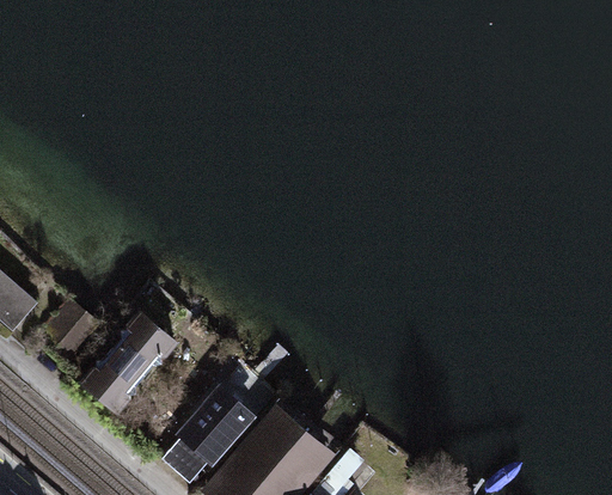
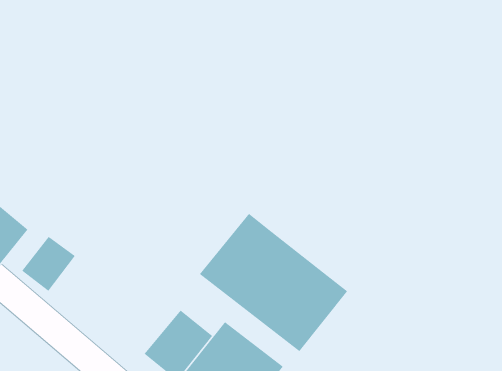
building: none -> [199,213,348,352]
building: [73,311,178,423] -> none

